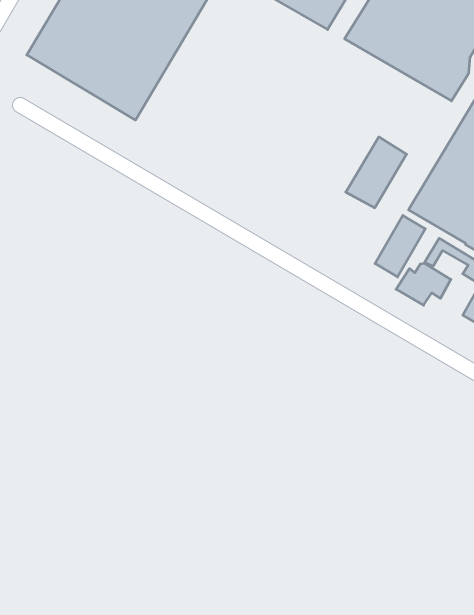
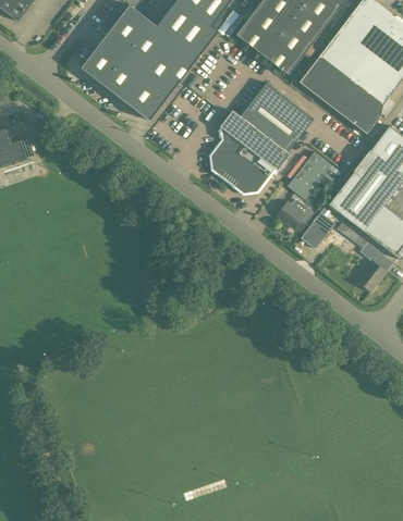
building: none -> [209,82,313,193]
building: [396,263,451,305] -> [276,199,314,227]

